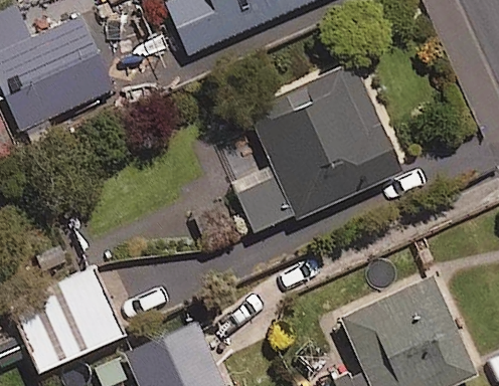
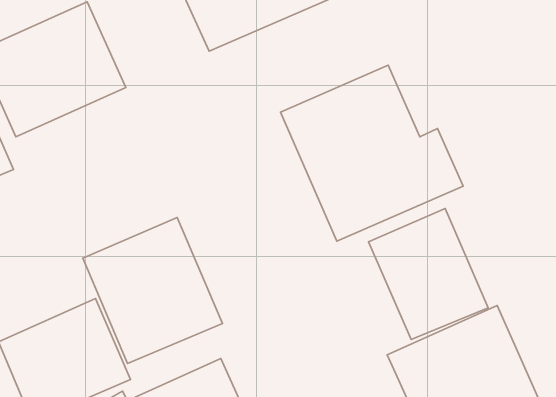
building: none -> [369,208,488,339]
building: none -> [83,217,223,363]

